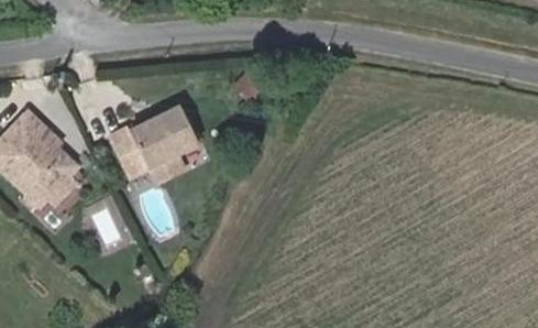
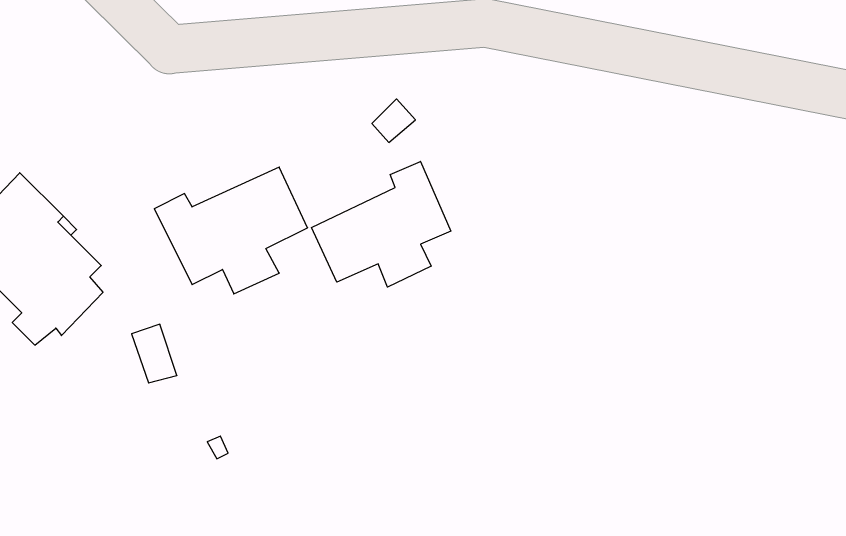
building: none -> [311,161,451,287]

